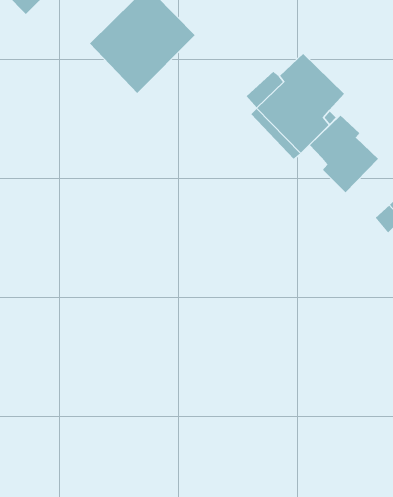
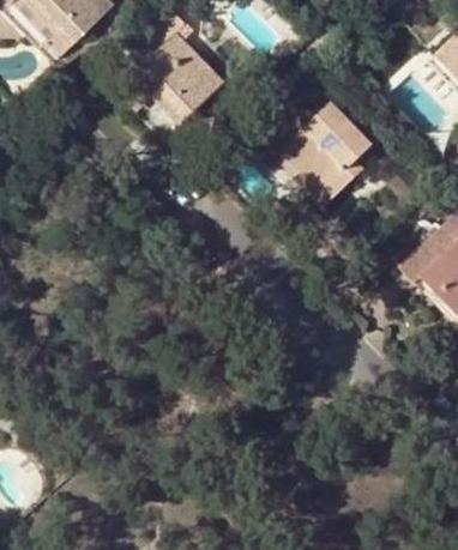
building: [309,115,379,193] -> none

